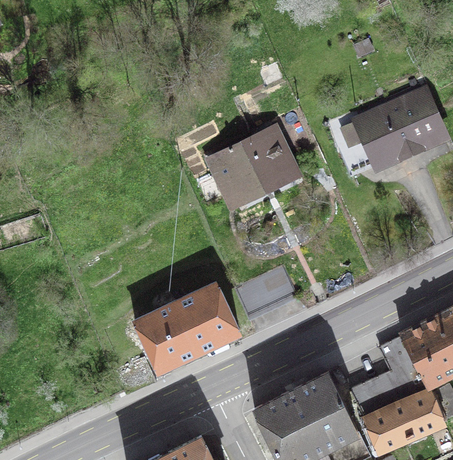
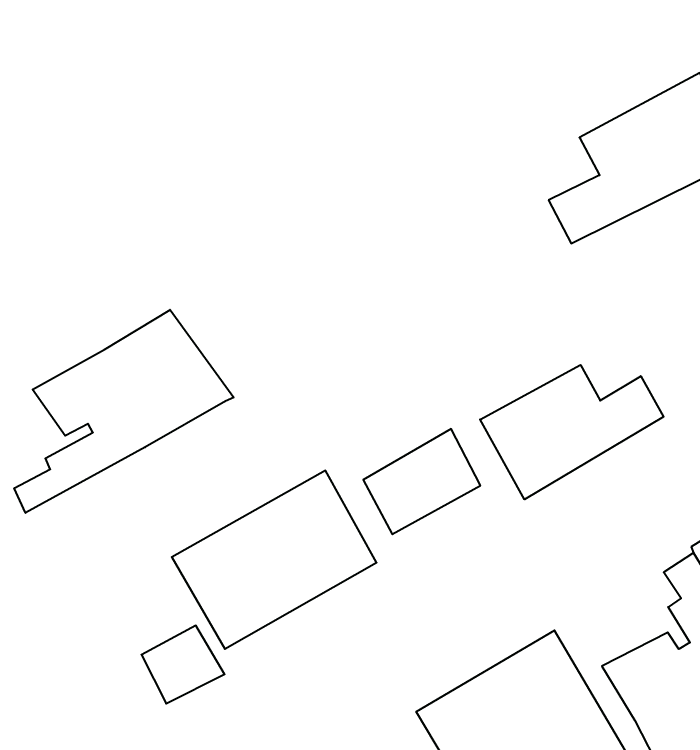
building: [215,132,290,198] -> none
building: none -> [14,310,234,513]
building: none -> [480,365,664,499]

